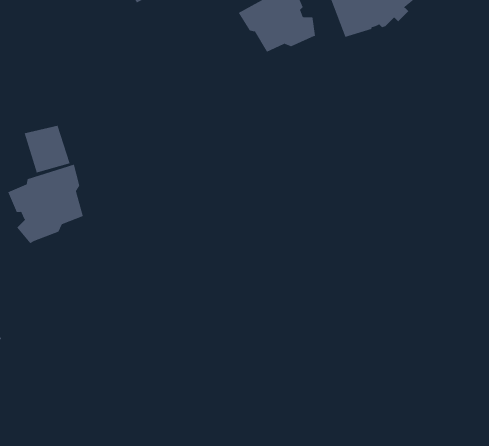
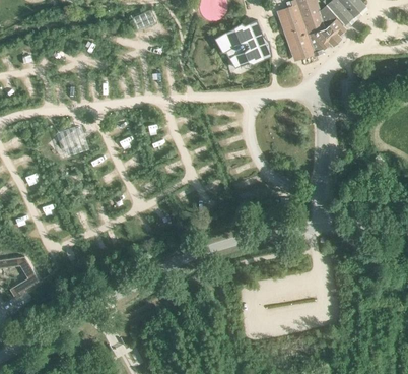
building: [7,164,83,244] -> none

